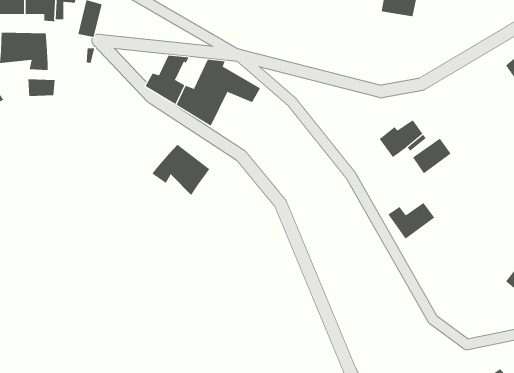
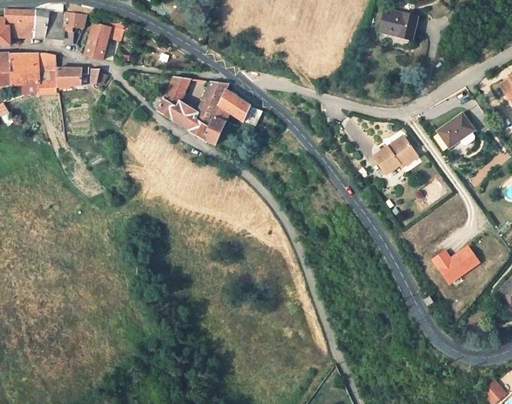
building: [27,79,55,97] -> [56,68,83,85]
building: [412,138,452,174] -> [436,113,474,148]
building: [152,144,210,196] -> none
building: [387,202,435,239] -> [432,244,478,280]

